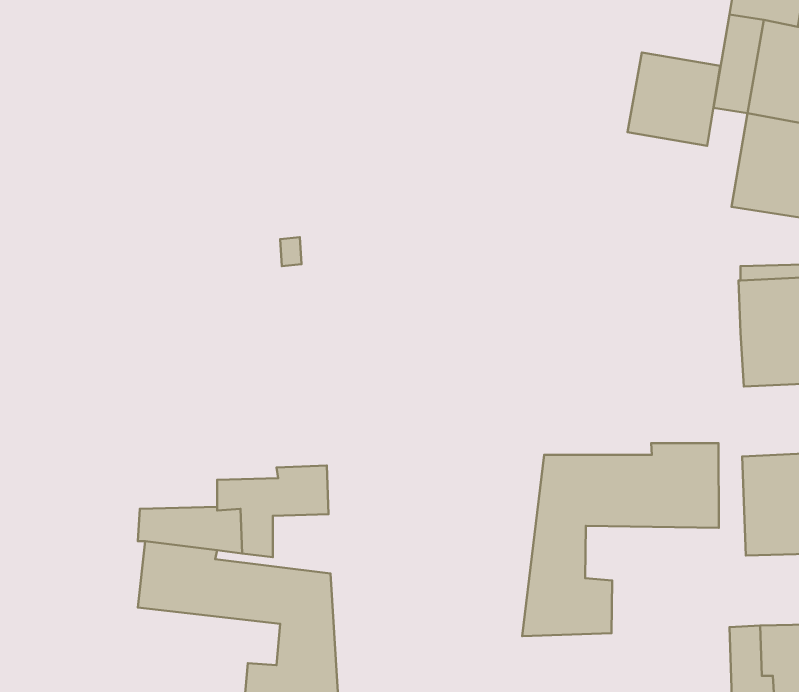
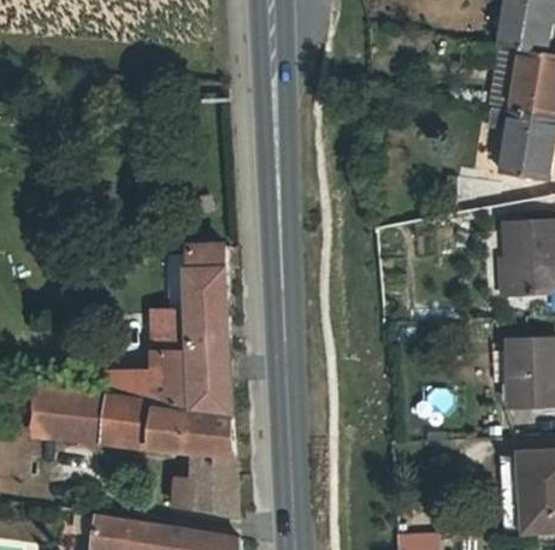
building: [627,52,720,146] -> none
building: none -> [154,241,229,356]
building: [522,443,719,636] -> none
building: none -> [193,379,231,414]
building: none -> [29,388,107,442]

